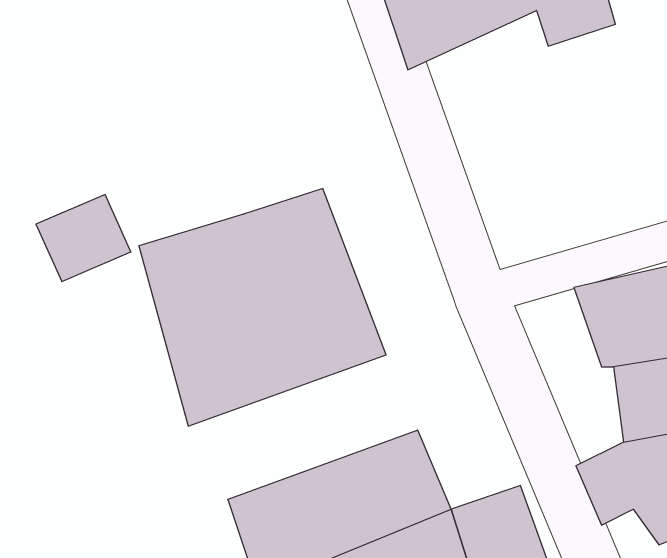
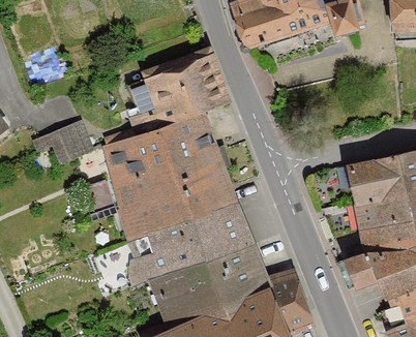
building: none -> [142,50,237,128]
building: none -> [132,202,252,280]

